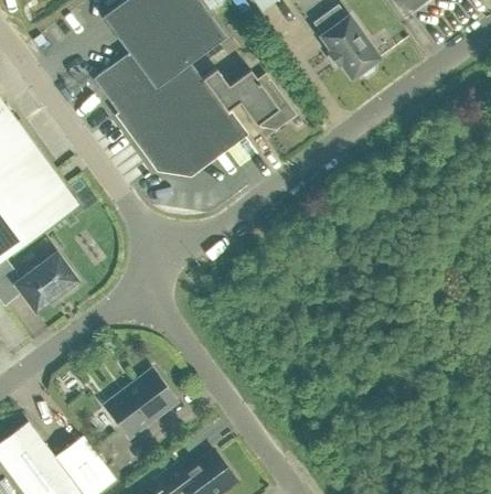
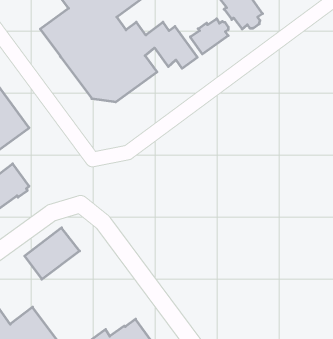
building: none -> [190,19,228,54]
building: [106,370,177,437] -> [25,228,80,279]

